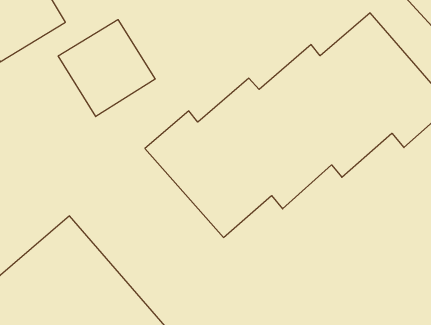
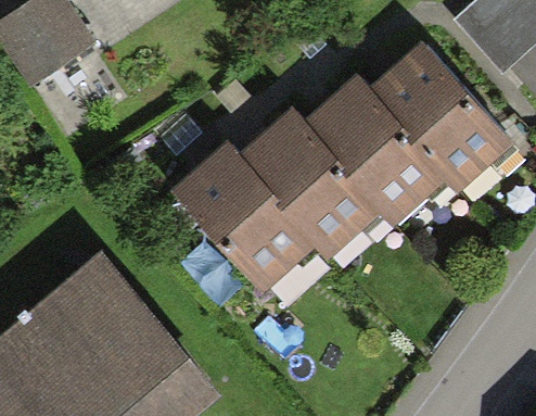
building: [58,20,155,117] -> none

